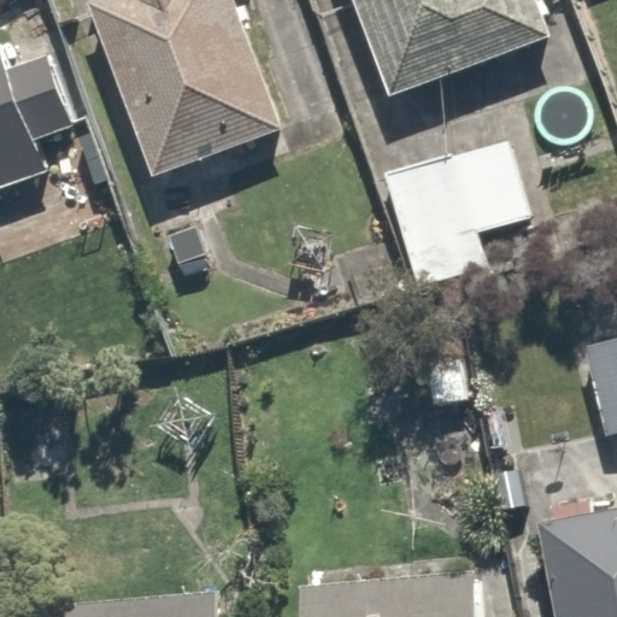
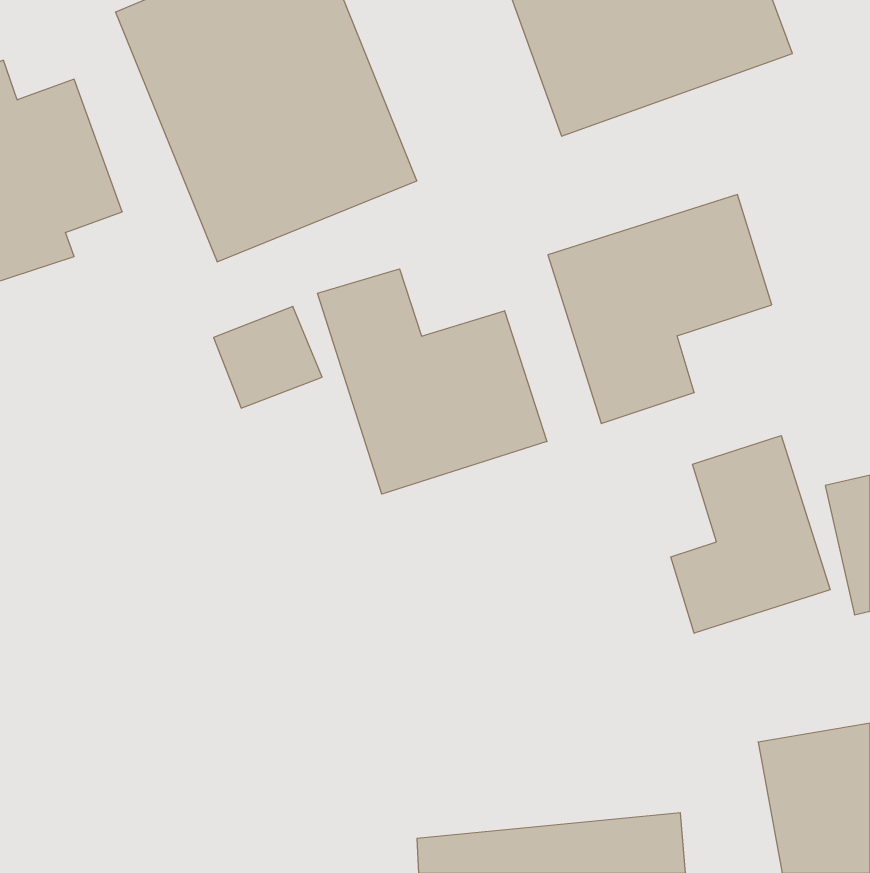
building: none -> [318,269,547,494]
building: none -> [671,436,830,633]

